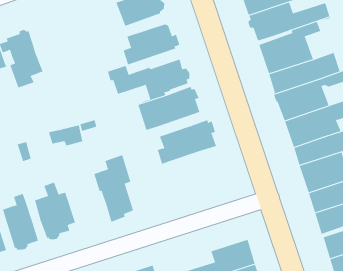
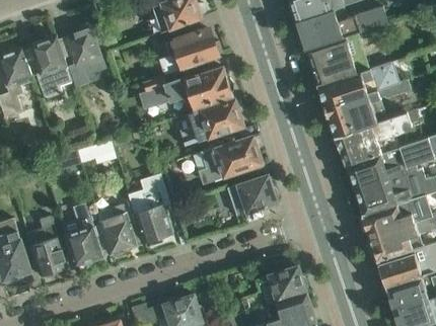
building: none -> [57,23,105,88]
building: none -> [227,175,278,216]
building: none -> [96,206,136,257]

